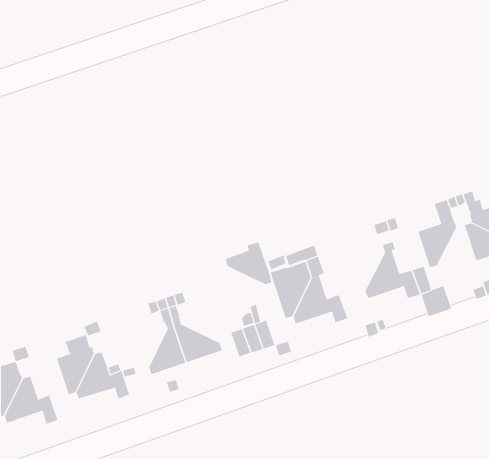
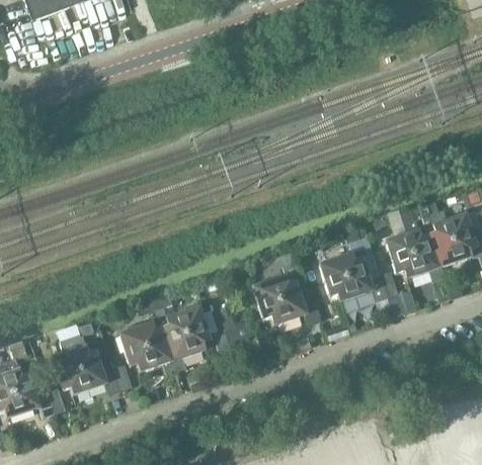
building: none -> [404,234,439,278]
building: [225,242,272,285] -> [167,302,211,342]
building: none -> [320,252,355,296]
building: none -> [120,322,156,366]

